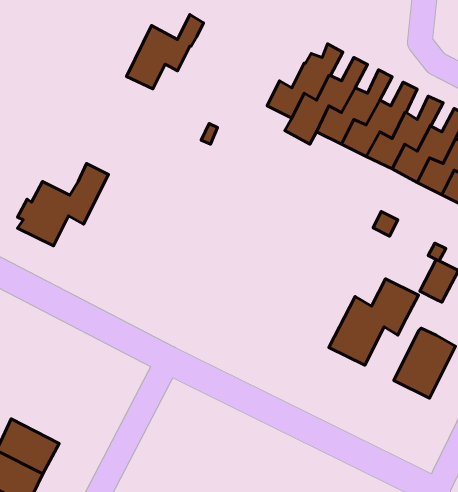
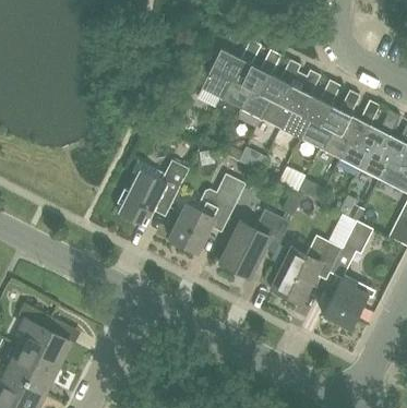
building: [127,15,204,89] -> [201,39,262,98]
building: [18,164,108,246] -> [117,160,189,226]
building: none -> [213,175,246,211]
building: none -> [169,204,214,252]
building: none -> [219,209,290,278]
building: none -> [17,303,70,367]

